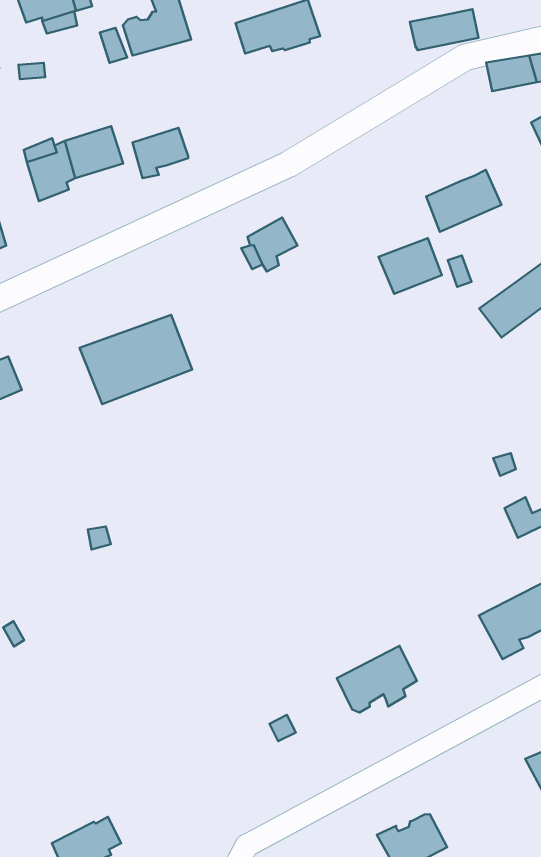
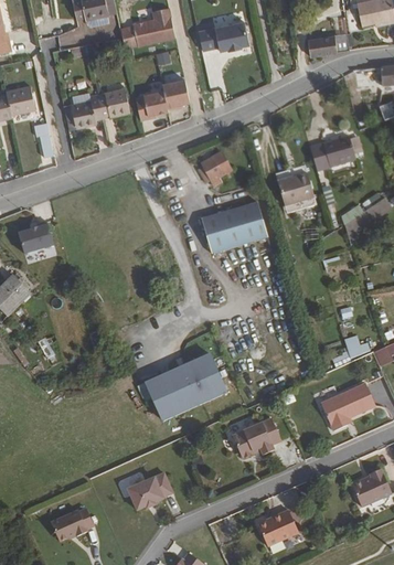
building: none -> [162,79,189,109]
building: [79,315,192,404] -> [201,201,268,252]
building: none -> [147,353,226,418]
building: none -> [127,472,171,509]

